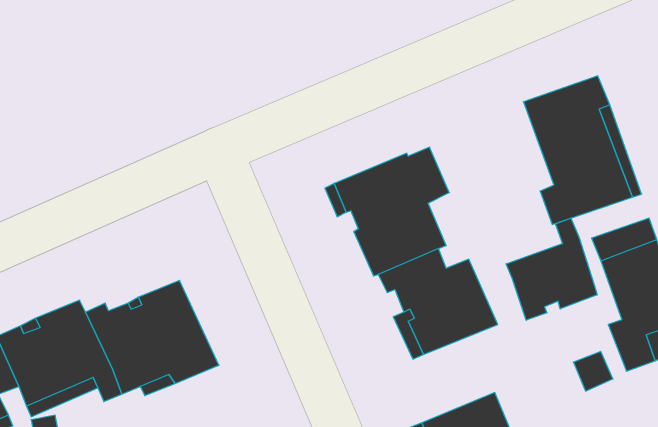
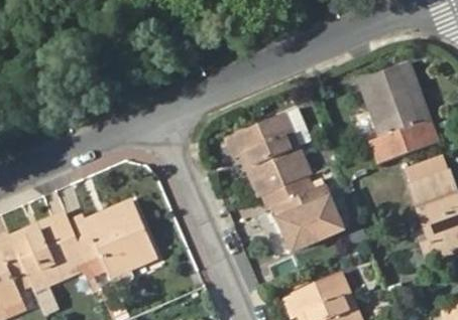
building: [506,218,597,320] -> none

